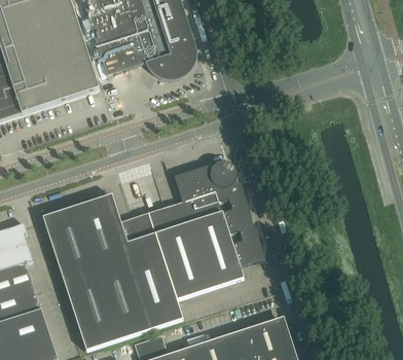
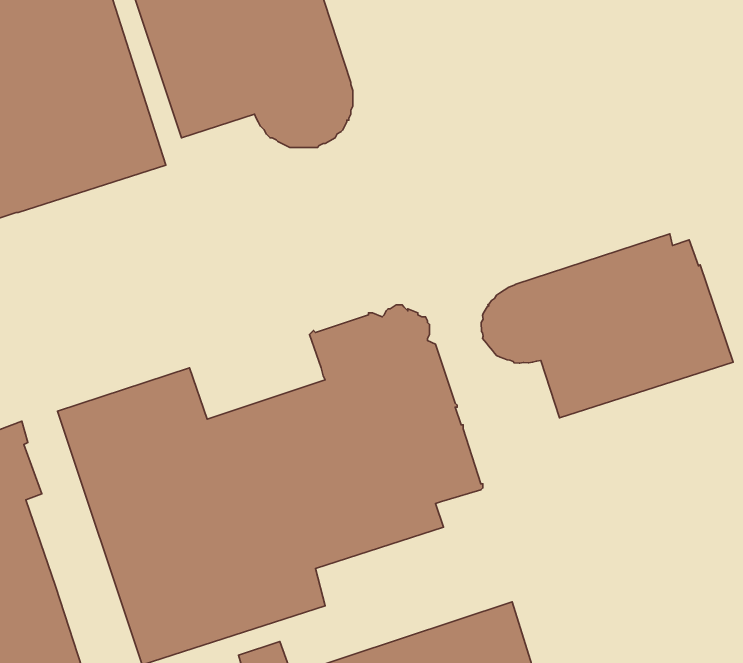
building: none -> [481,234,733,418]

